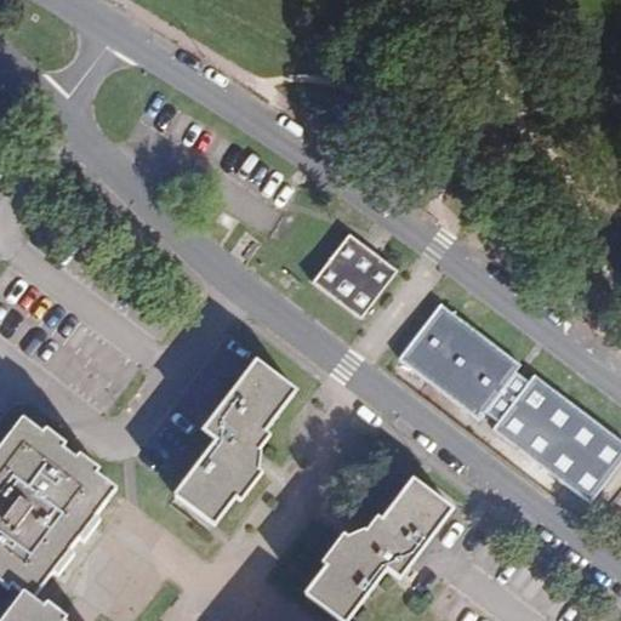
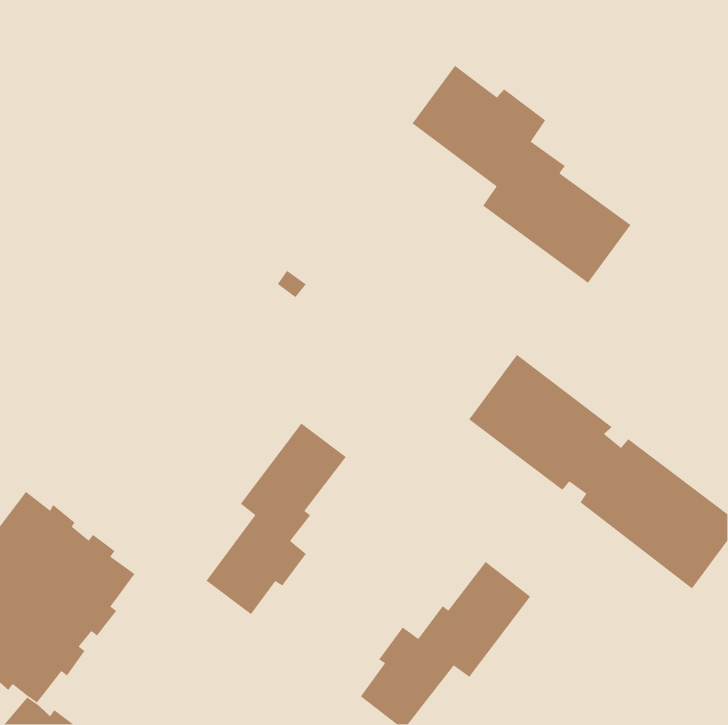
building: none -> [411,65,632,284]
building: [312,232,397,317] -> none

